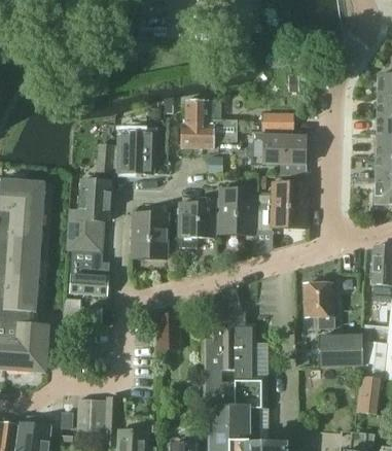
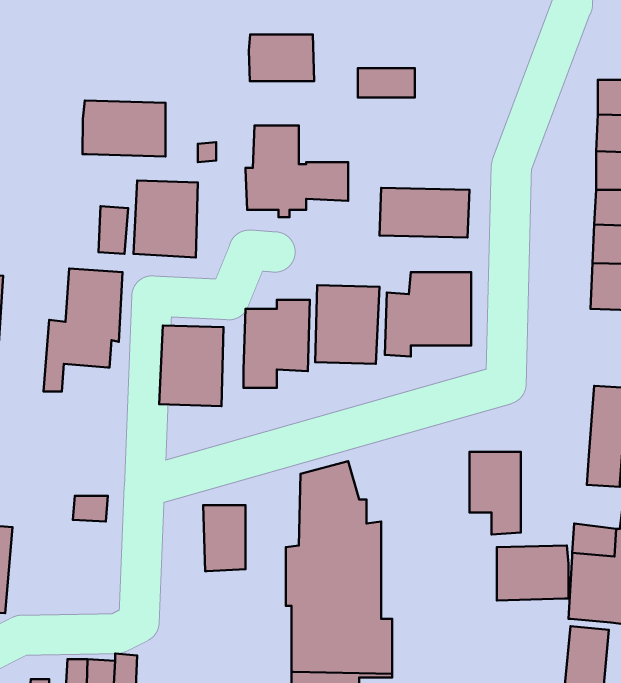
building: none -> [249,34,314,81]
building: none -> [83,100,165,157]
building: [262,112,294,129] -> [358,68,415,97]
building: [69,247,109,292] -> none

